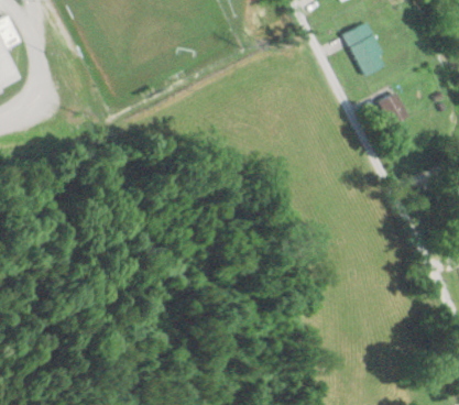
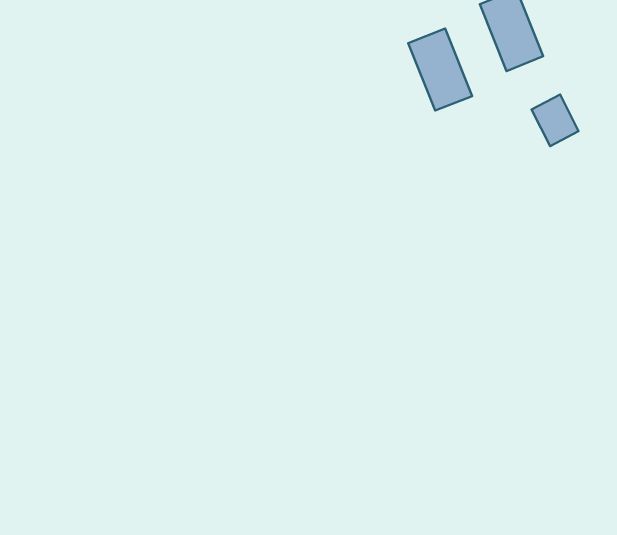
building: none -> [408,29,472,111]

